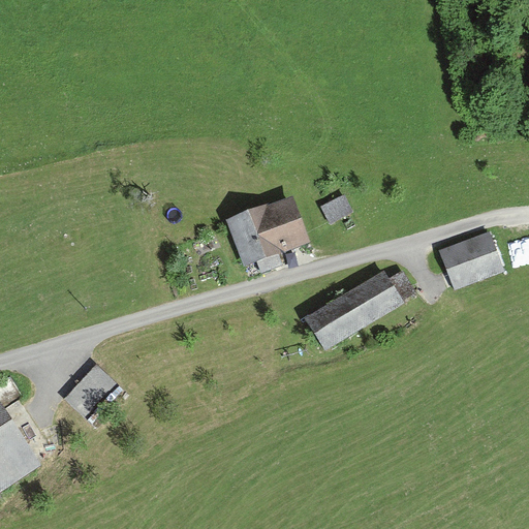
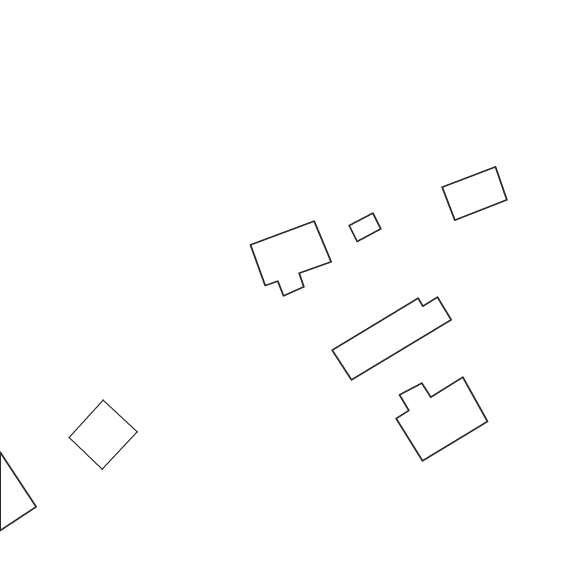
building: [441,236,500,284] -> [442,167,507,220]
building: none -> [396,377,487,461]

